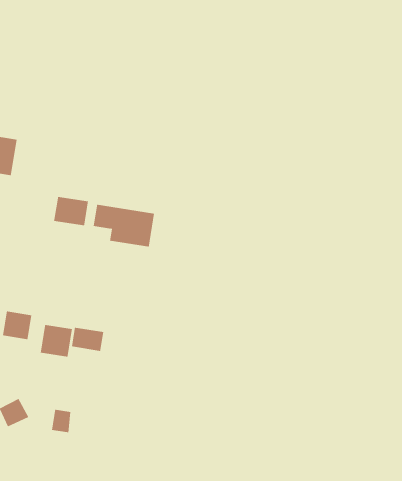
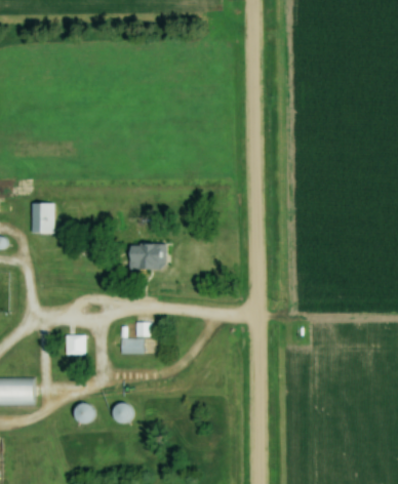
building: [54,196,89,226] -> none
building: [40,324,72,357] -> none

